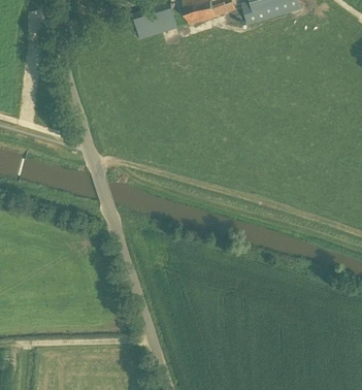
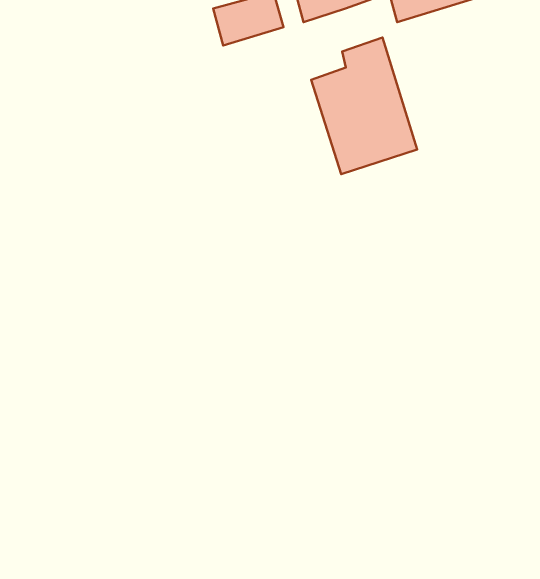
building: none -> [311,37,417,174]

